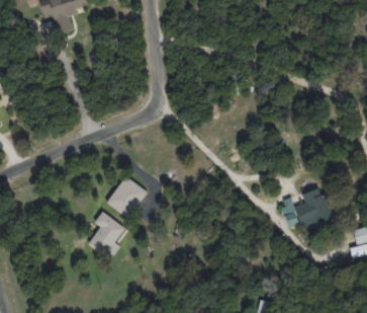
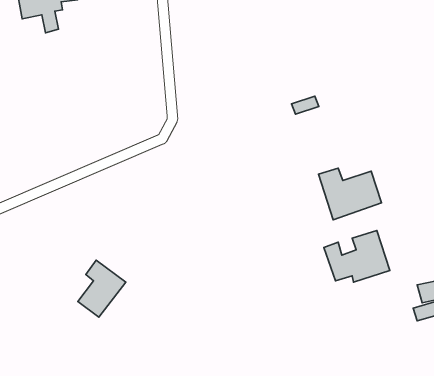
building: none -> [319,168,382,220]
building: [106,176,147,219] -> none

